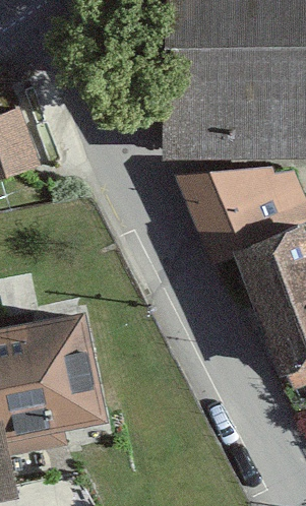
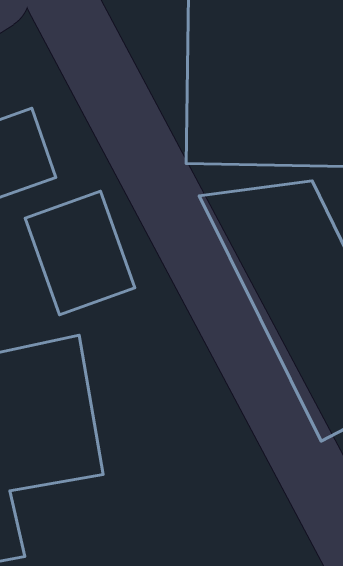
building: none -> [25,191,135,315]

